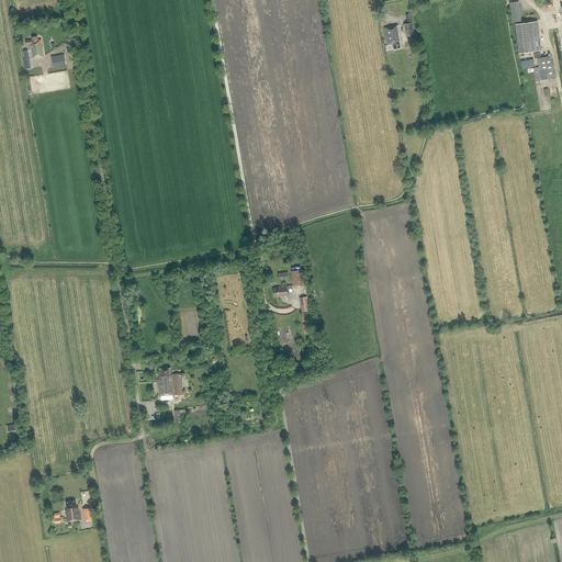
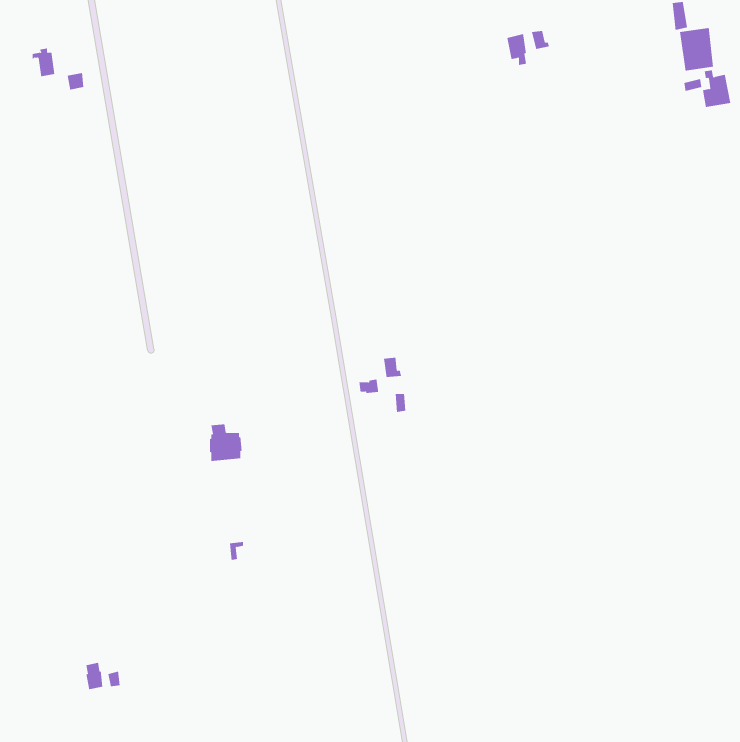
building: [157,368,182,396] -> [209,424,243,461]

